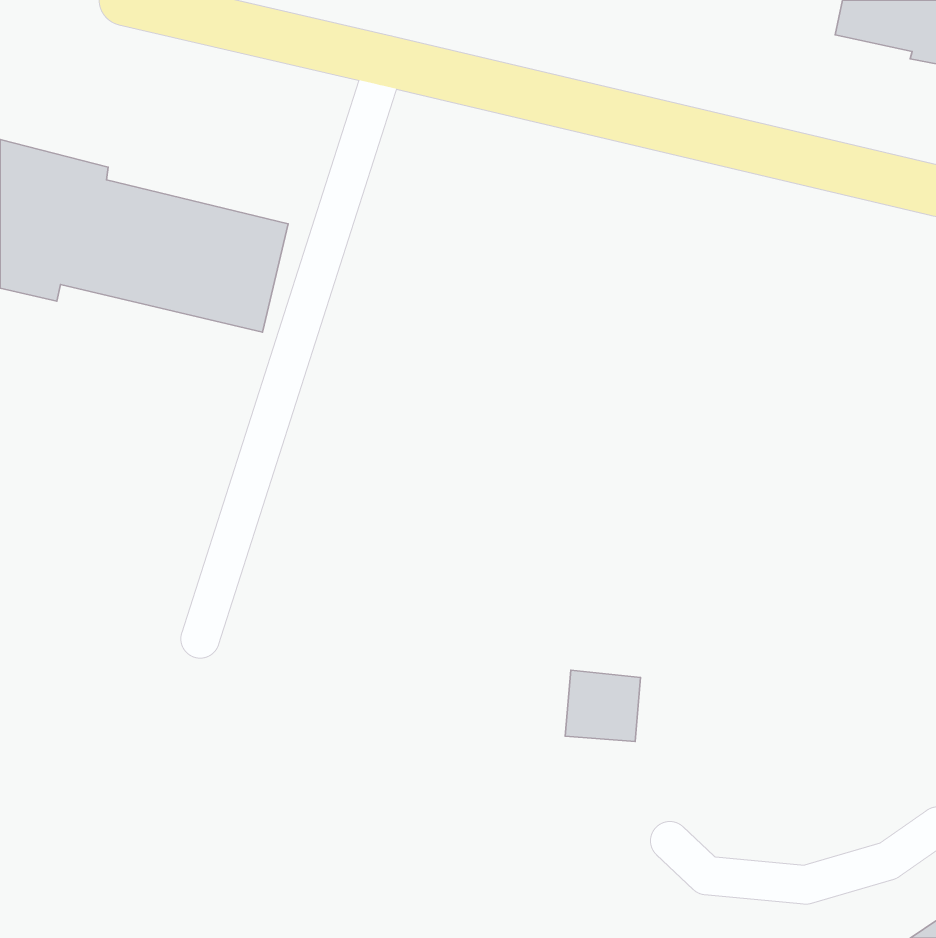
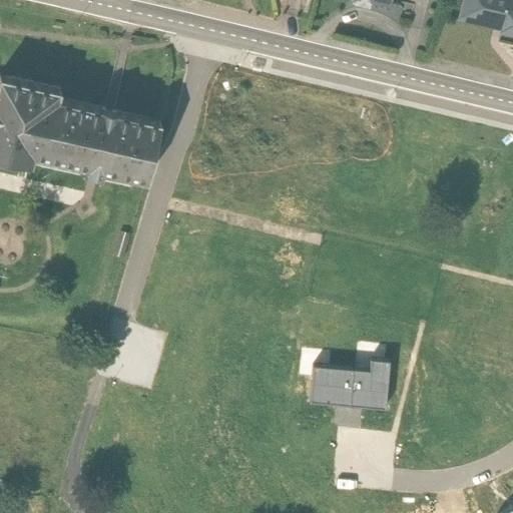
building: none -> [348,360,390,409]

